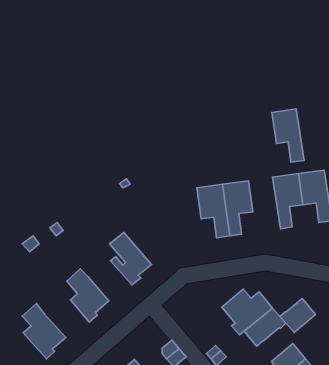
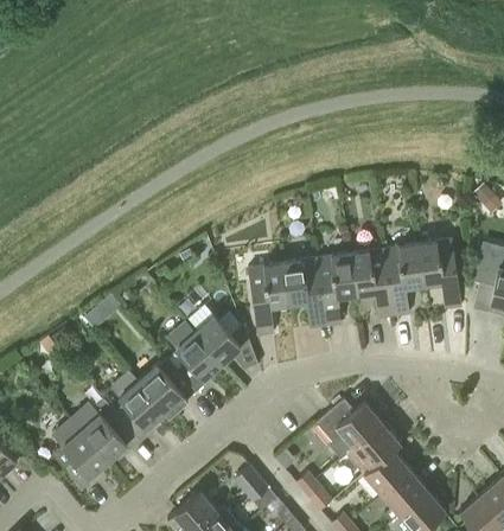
building: [272,109,304,162] -> [351,248,394,319]
building: none -> [248,262,288,335]
building: none -> [194,315,249,364]
building: none -> [138,359,196,417]
building: none -> [69,399,139,461]
building: [280,299,316,332] -> [363,448,410,493]

